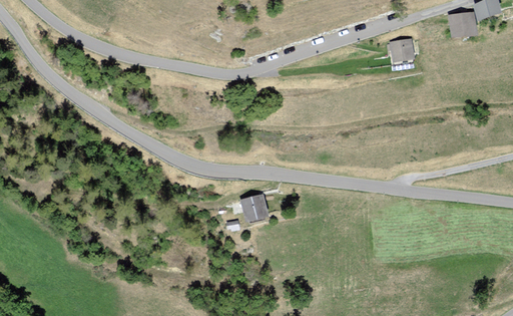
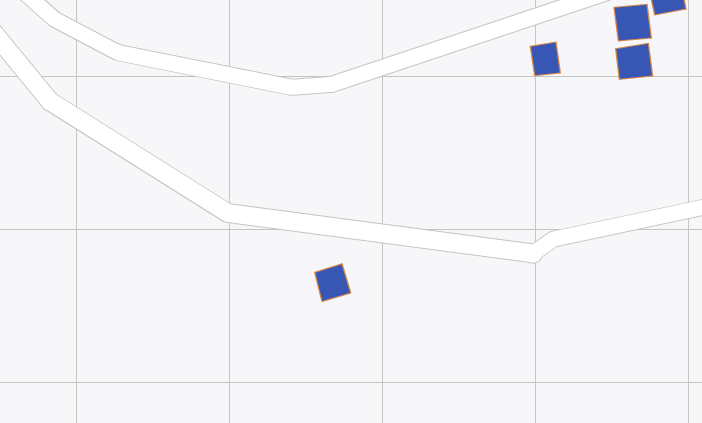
building: none -> [616,43,652,80]

